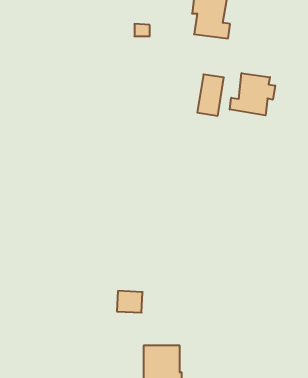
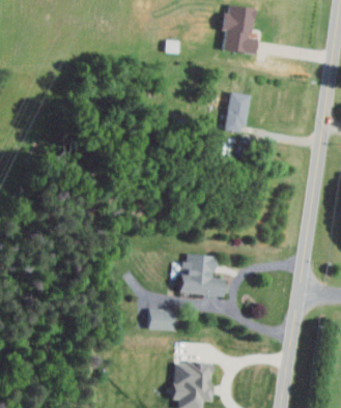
building: [230,73,275,115] -> none
building: none -> [180,254,227,296]

